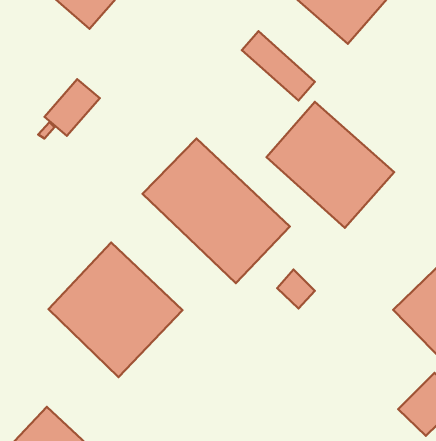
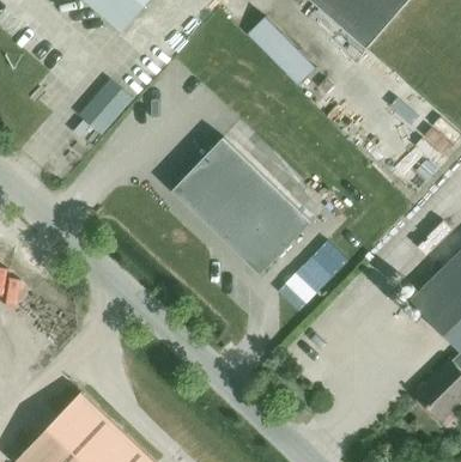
building: [266,102,394,228] -> none
building: [48,243,182,377] -> none

